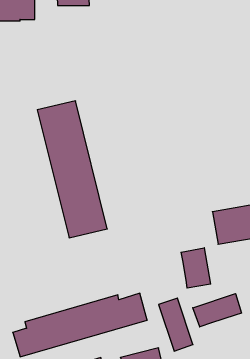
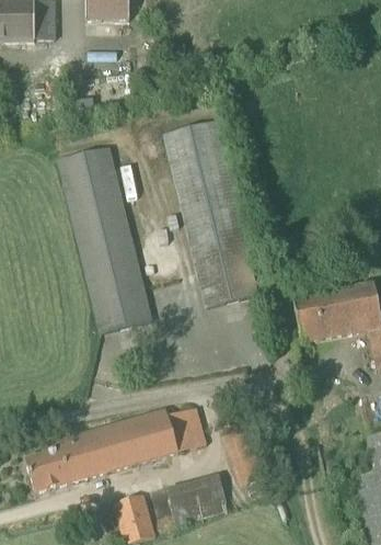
building: none -> [163,121,256,306]
building: [181,248,211,288] -> none
building: [193,294,242,327] -> none

